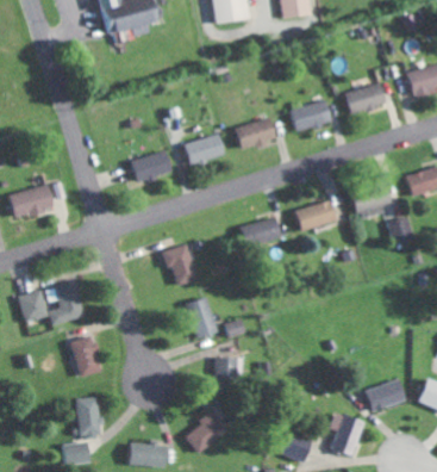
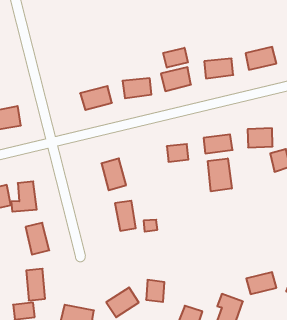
building: none -> [163,48,188,68]
building: none -> [208,158,232,191]
building: [216,356,238,384] -> [146,280,164,302]

